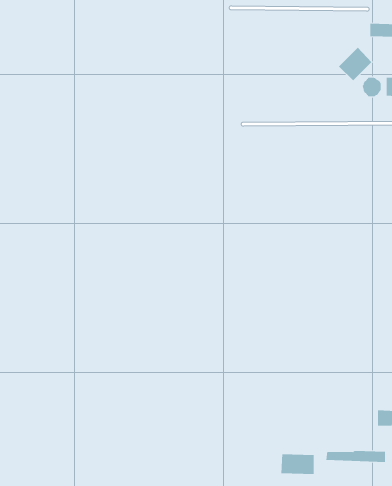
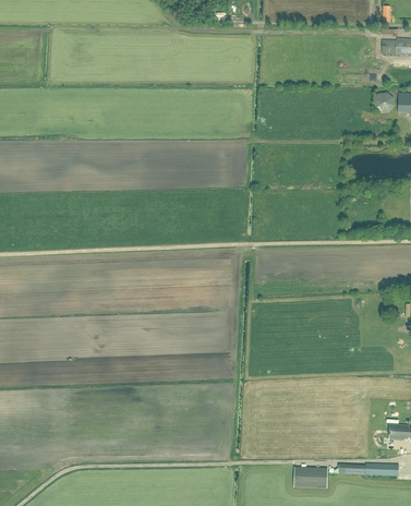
building: [338,47,372,81] -> none

